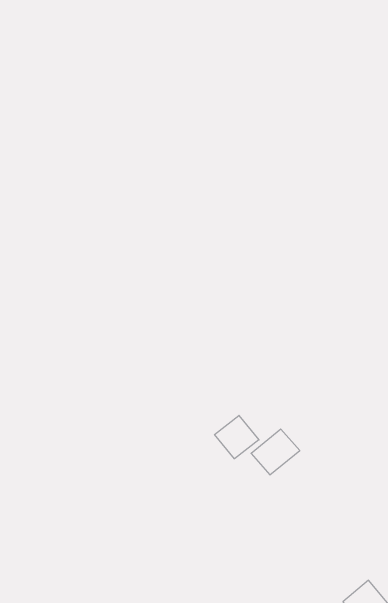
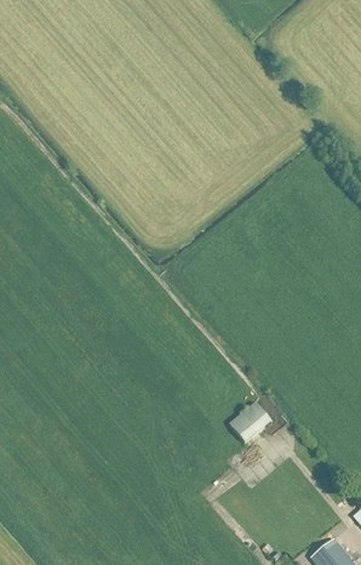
building: [215,415,259,459] -> none

